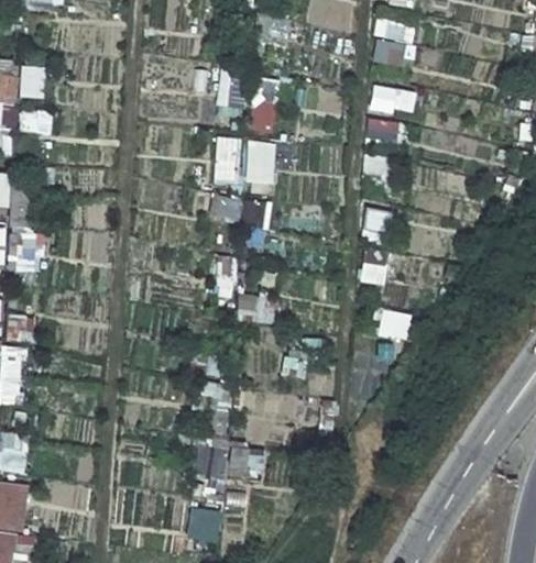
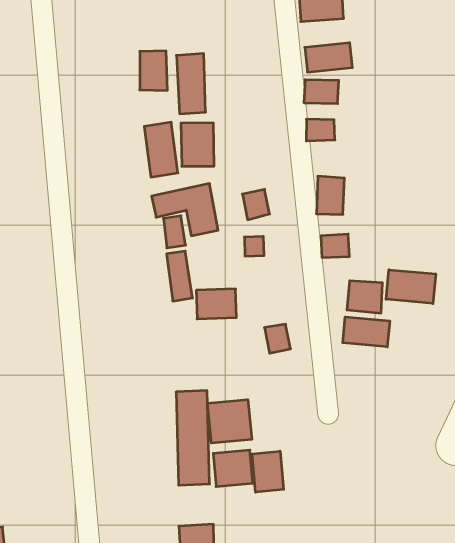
building: none -> [386,270,436,304]
building: none -> [343,317,390,347]
building: none -> [208,400,252,443]
building: none -> [252,451,284,492]

